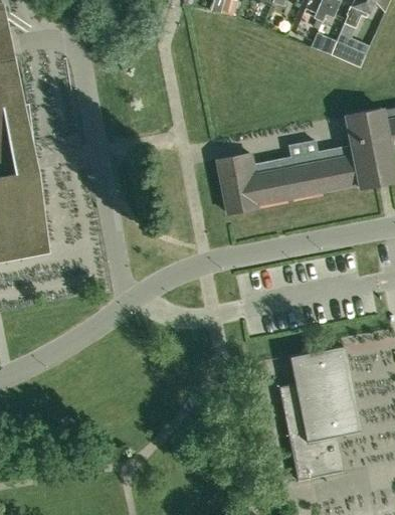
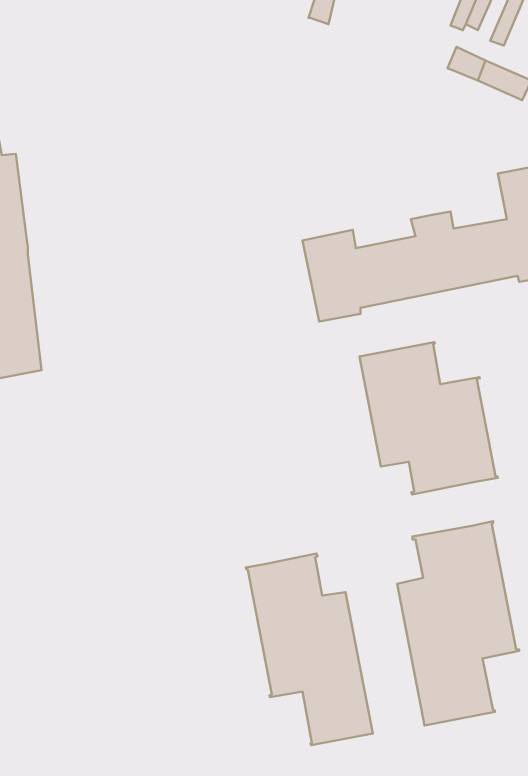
building: none -> [360,342,498,495]
building: none -> [246,553,373,745]

